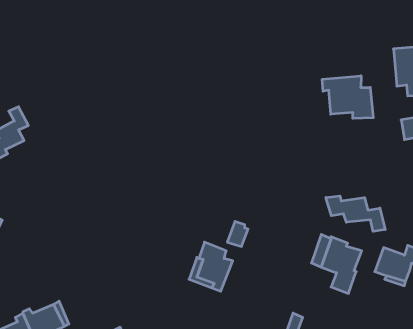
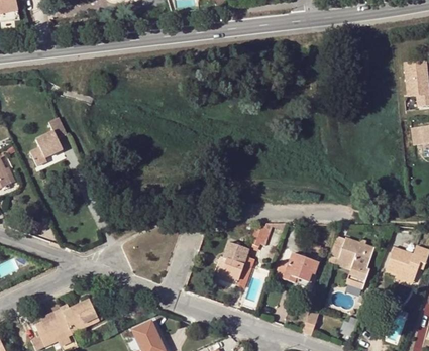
building: [322,76,373,118] -> none
building: [326,196,385,231] -> none
building: none -> [275,253,319,283]

